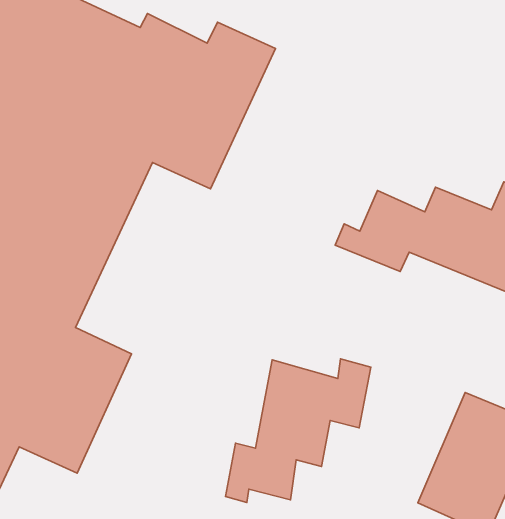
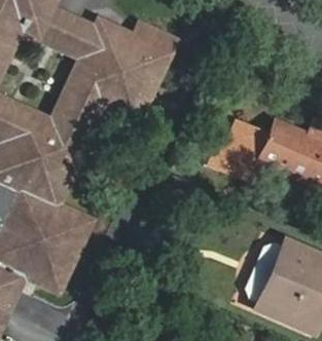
building: [225,359,371,502] -> none

